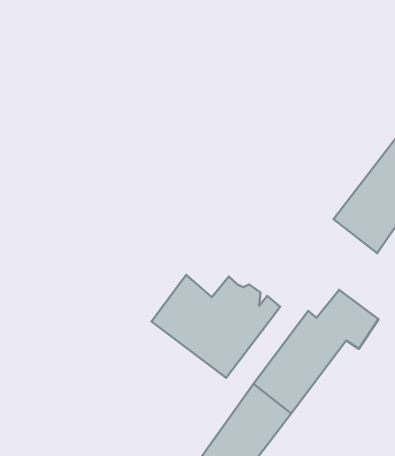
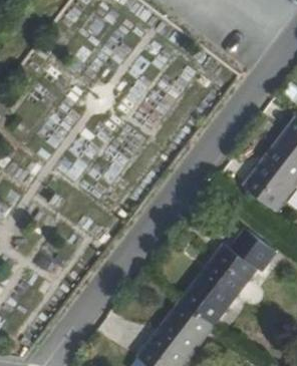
building: [151,275,280,378] -> none

